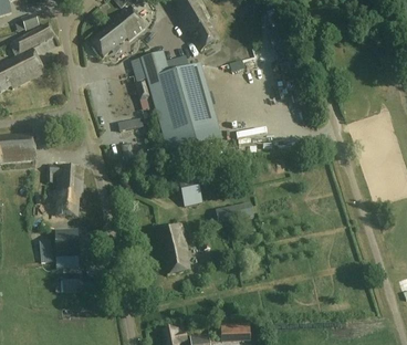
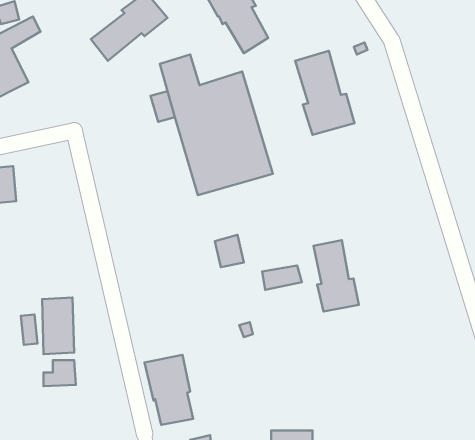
building: none -> [295,51,355,135]
building: [48,164,84,216] -> none
building: none -> [313,240,359,312]
building: [155,222,190,273] -> [144,355,193,425]

